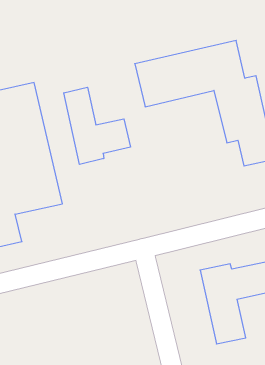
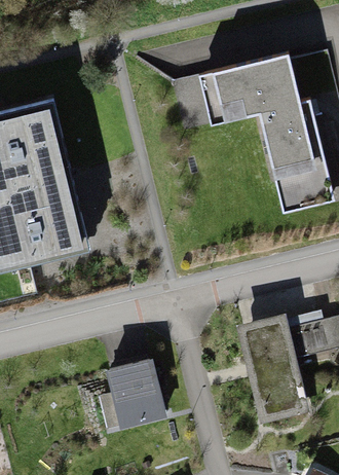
building: [64,87,130,164] -> none
building: none -> [108,361,163,429]

